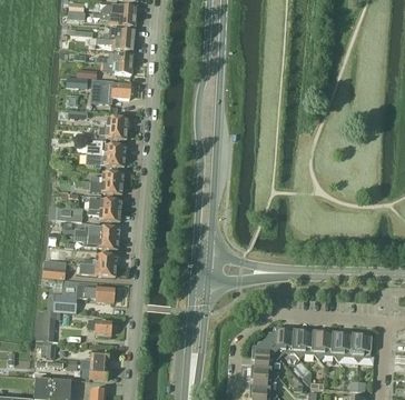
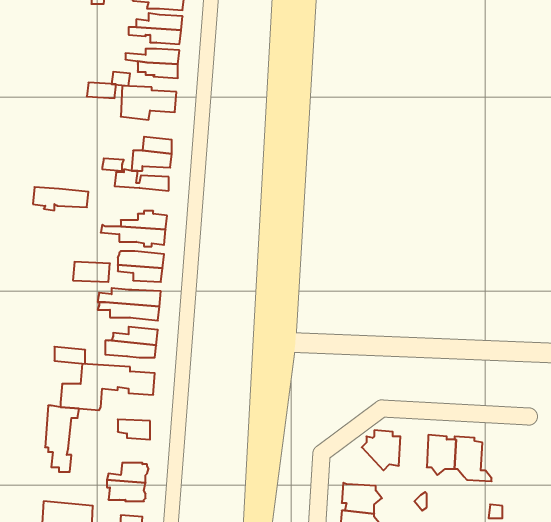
building: [85,151,125,168] -> [33,187,88,210]
building: [290,329,312,358] -> none
building: [349,332,373,364] -> none
building: [250,339,279,367] -> none

